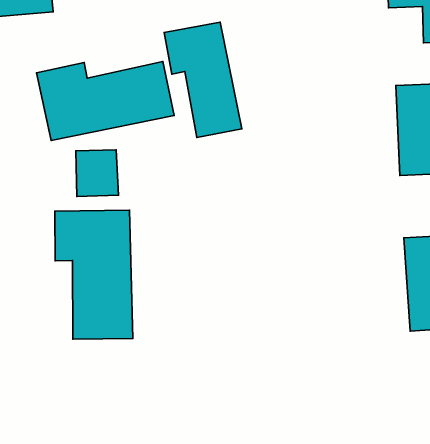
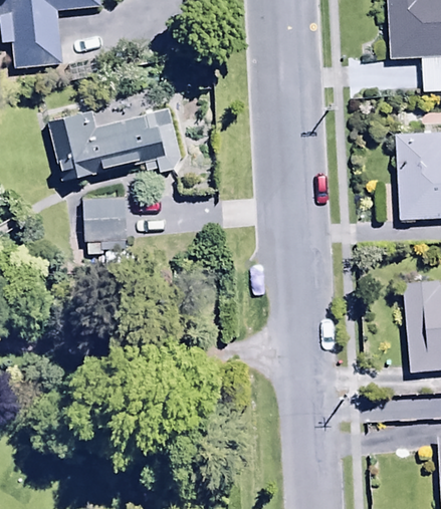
building: [164,22,242,137] -> none
building: [55,210,133,339] -> none

